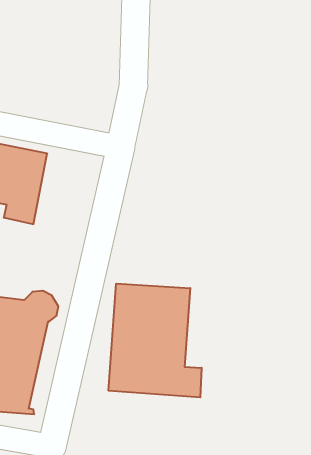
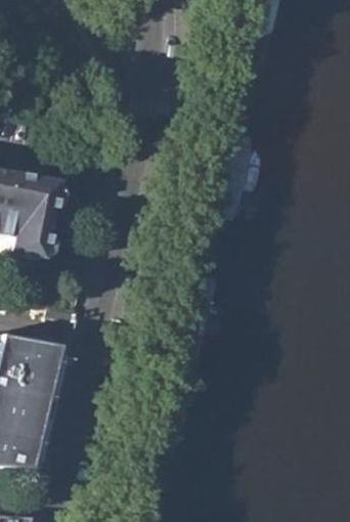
building: [109,284,202,397] -> none

